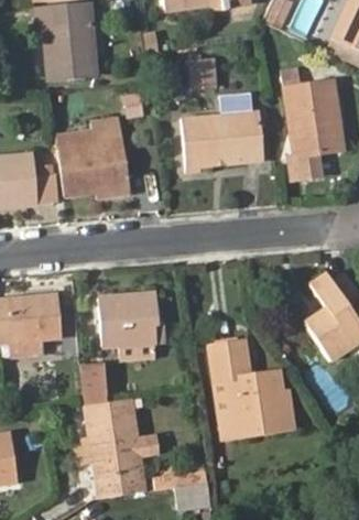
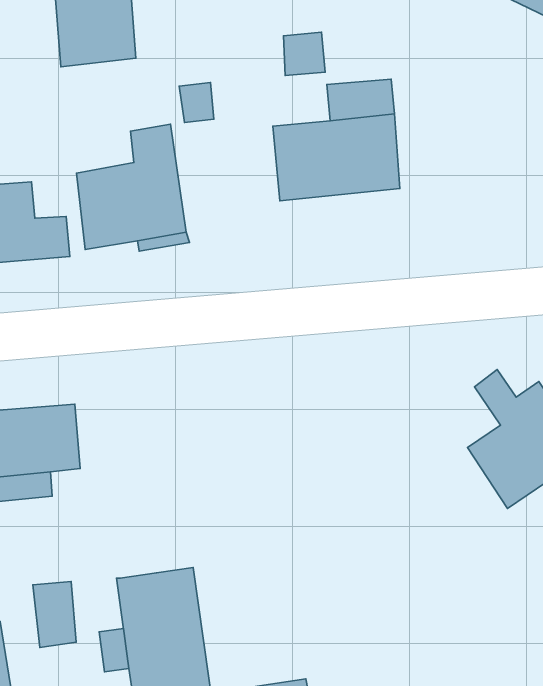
building: [282,68,342,178] -> none
building: [100,293,165,347] -> none
building: [208,340,294,437] -> none
building: [80,364,108,405] -> [33,581,76,647]

